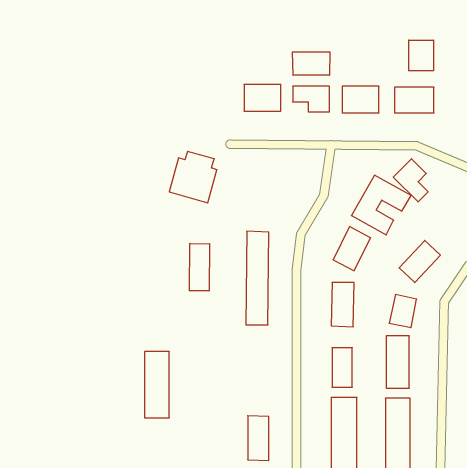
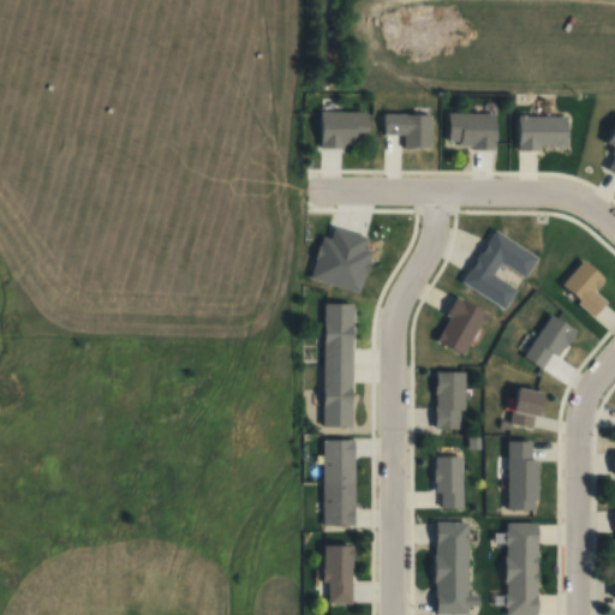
building: [409,40,433,71] -> none
building: [293,52,330,75] -> none
building: [169,151,217,203] -> [311,227,374,294]
building: [393,159,428,202] -> [563,261,609,317]
building: [189,243,210,291] -> none
building: [145,352,169,418] -> [323,440,356,526]

